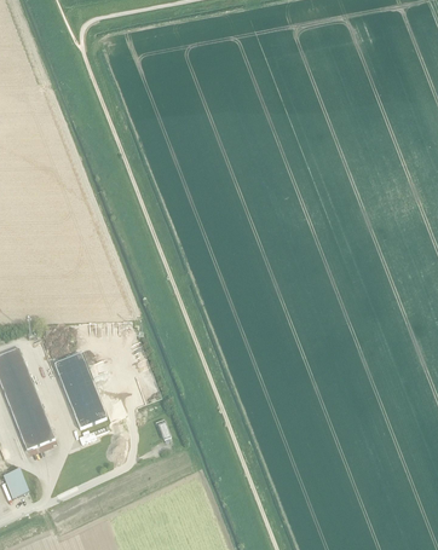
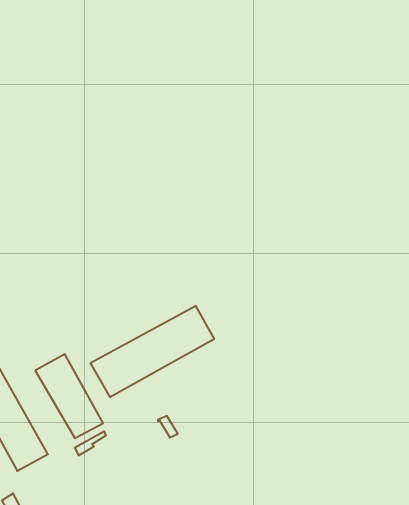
building: none -> [91,306,214,397]

